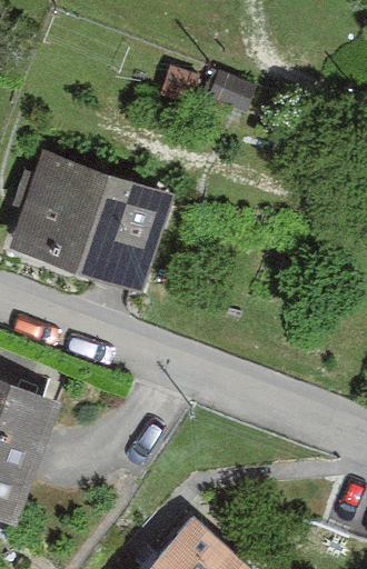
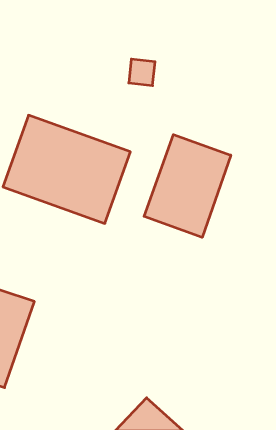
building: none -> [144,135,231,237]

